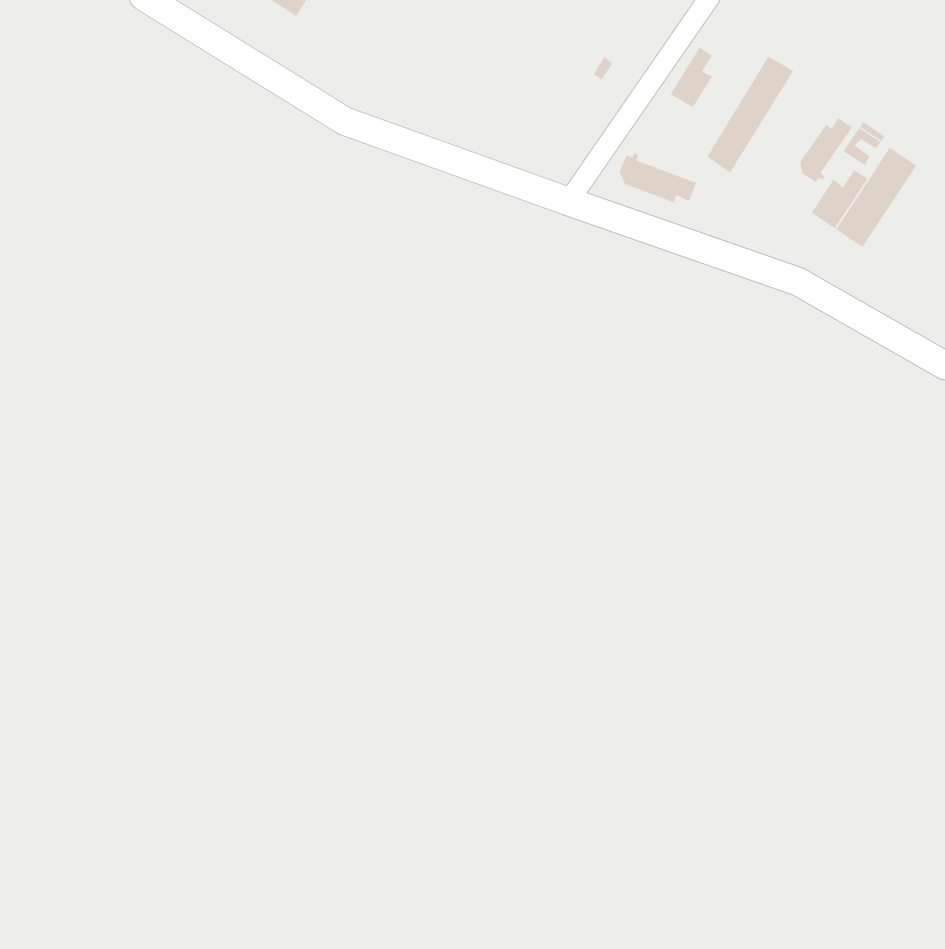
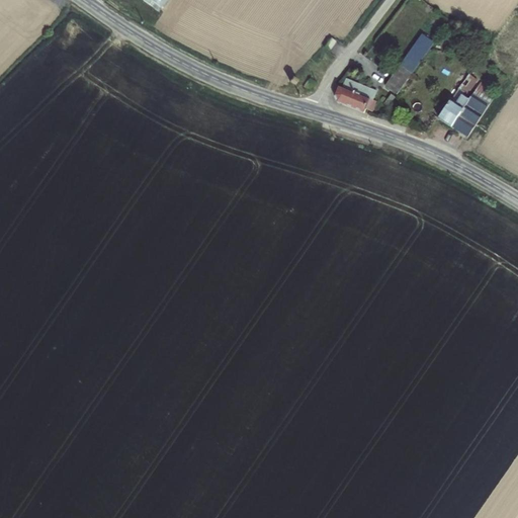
building: [670,46,713,108] -> none
building: [800,117,853,183] -> none

